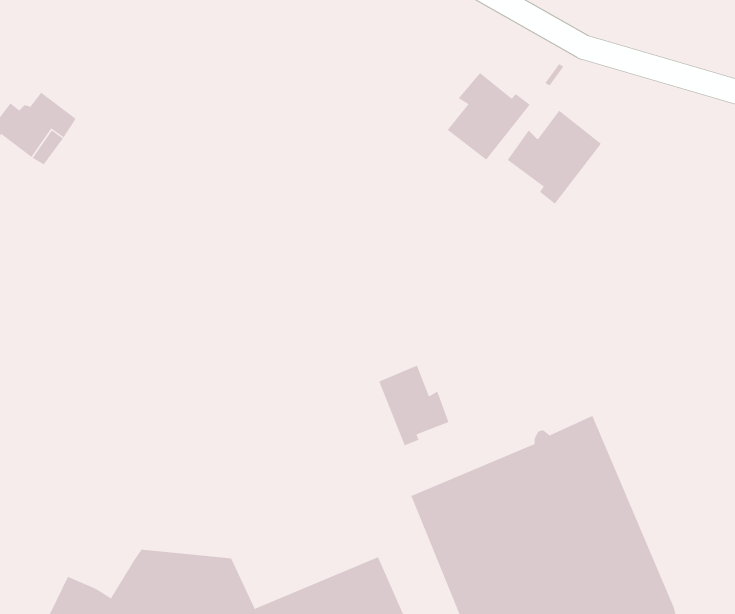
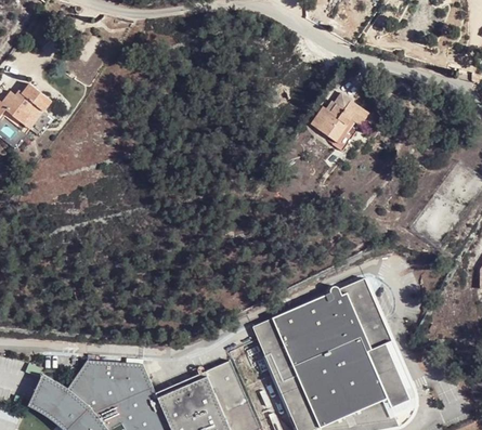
building: [447,72,530,160] -> none
building: [379,365,449,446] -> none

